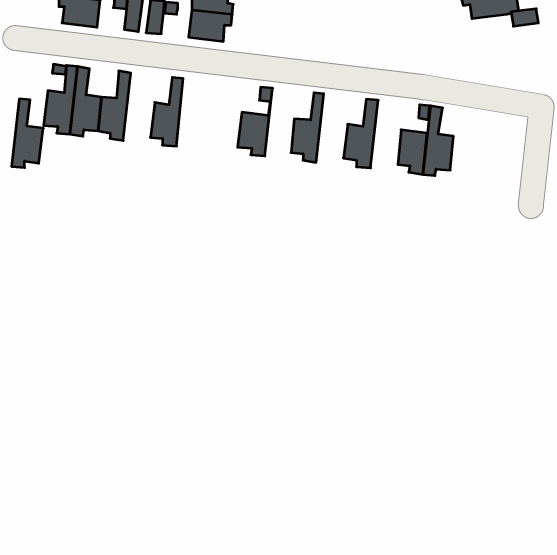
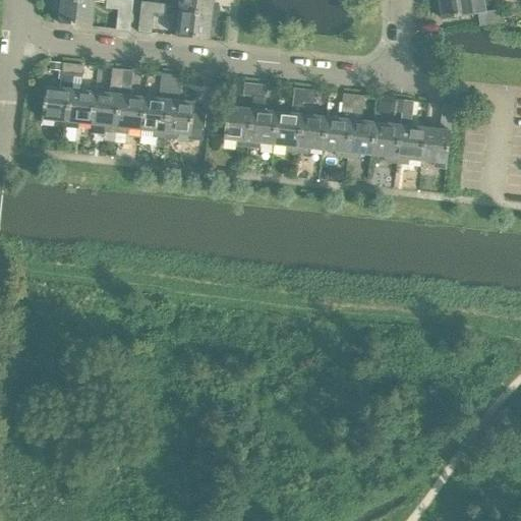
building: none -> [165,73,206,138]
building: none -> [247,82,275,148]
building: none -> [295,88,325,153]
building: [12,99,43,168] -> [115,68,144,132]
building: none -> [346,94,374,159]
building: none -> [420,103,452,168]

